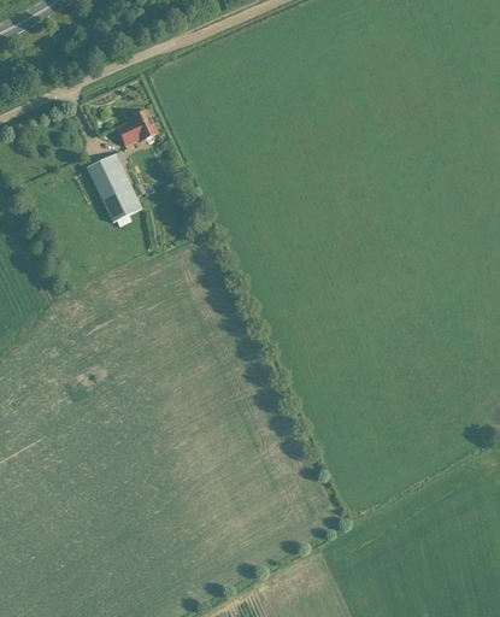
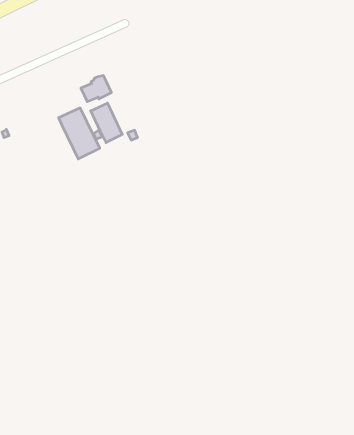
building: none -> [91,103,122,143]

